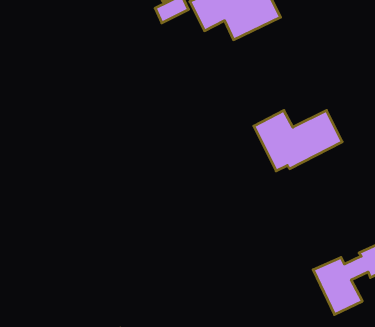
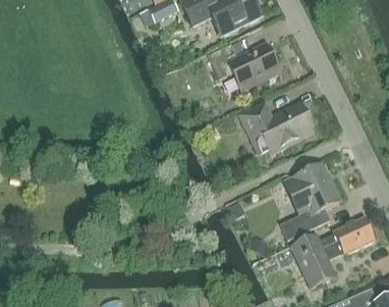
building: none -> [208,43,280,90]
building: none -> [285,163,342,234]

